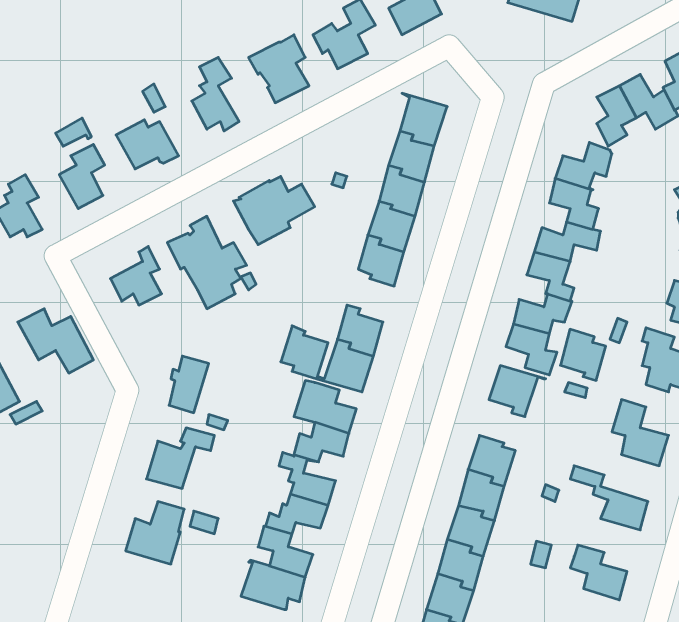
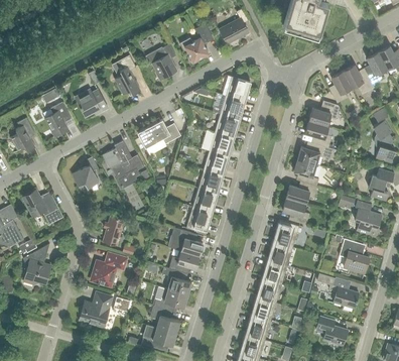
building: [281,326,328,379] -> [197,168,223,197]
building: [560,329,606,380] -> [268,238,292,265]
building: none -> [22,244,50,283]

